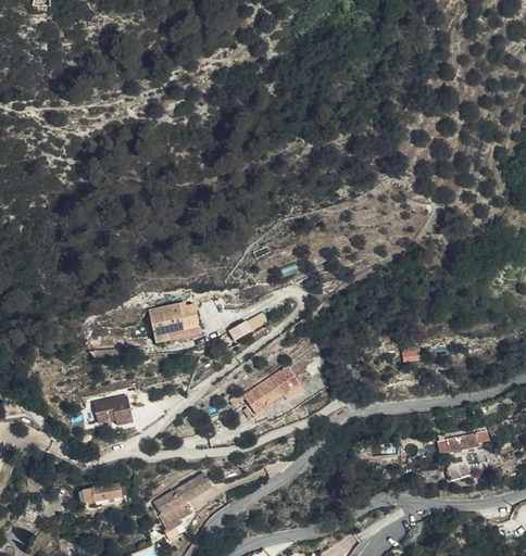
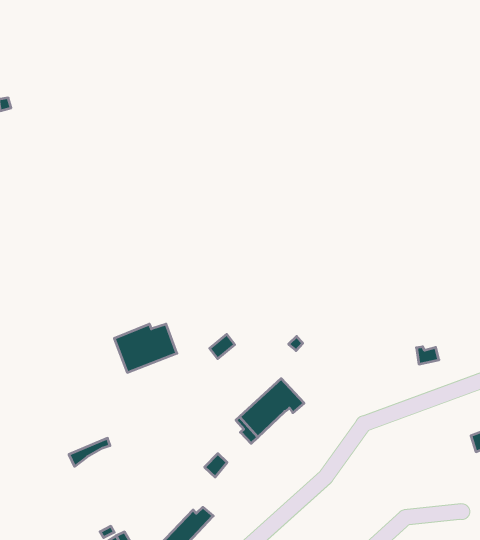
building: [98,402,135,426] -> none

